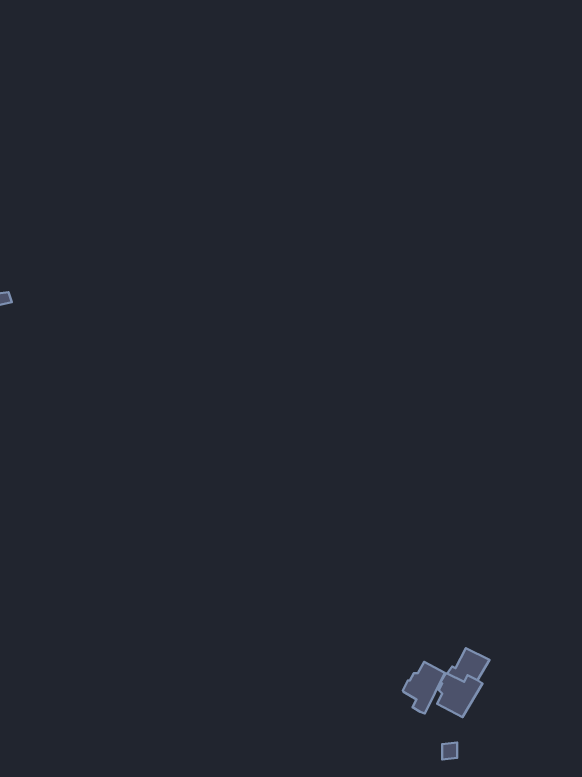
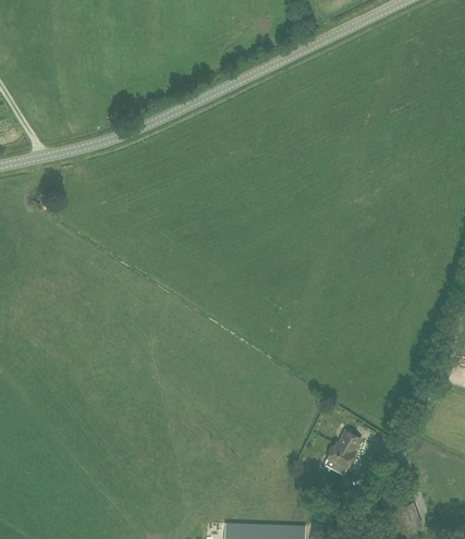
building: [403,662,445,713] -> none

